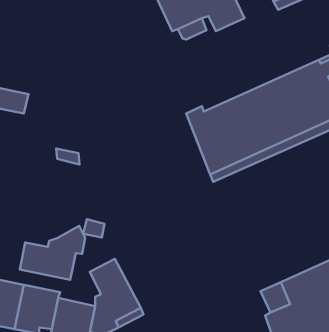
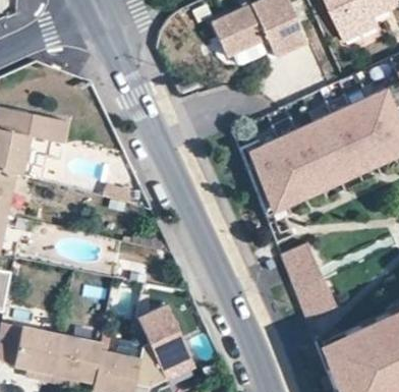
building: none -> [282,240,335,311]
building: [20,226,85,280] -> none

